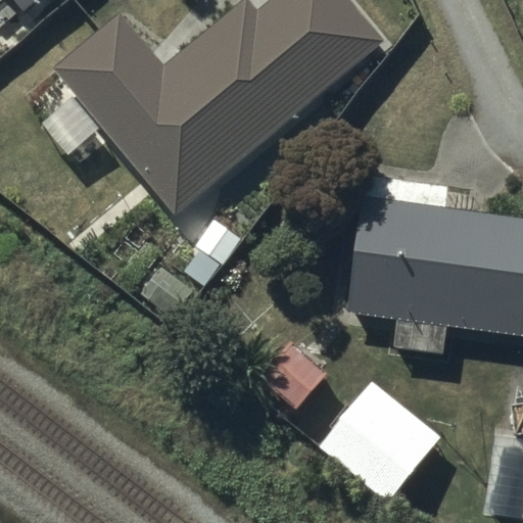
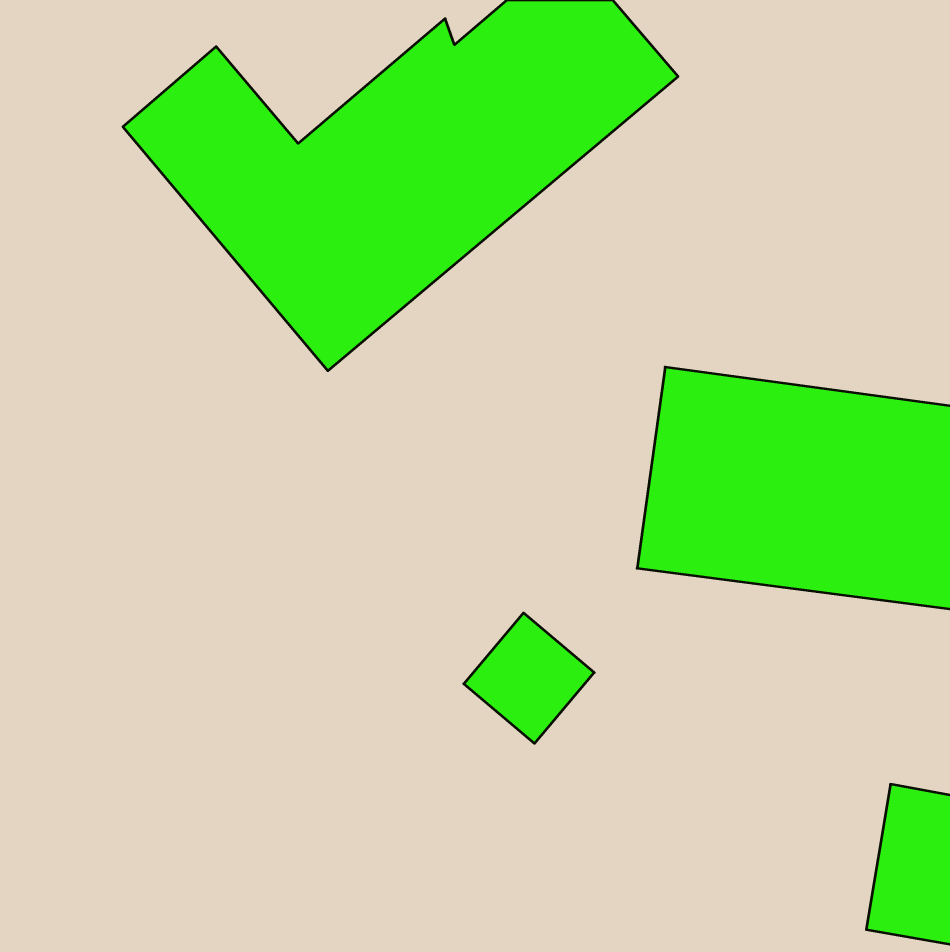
building: [324,387,436,495] -> none

